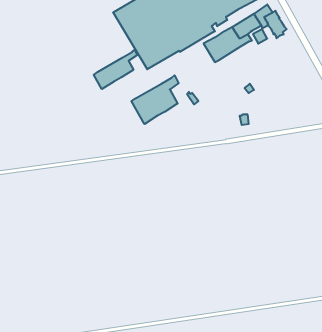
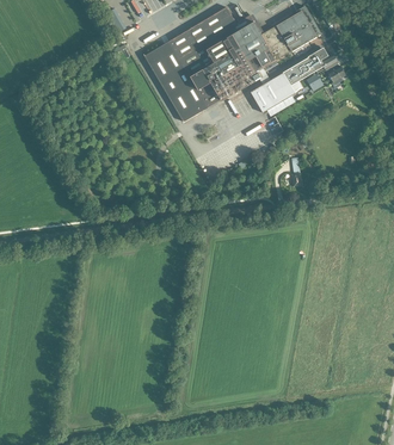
building: [94,50,137,89] -> none
building: [131,75,179,124] -> none

